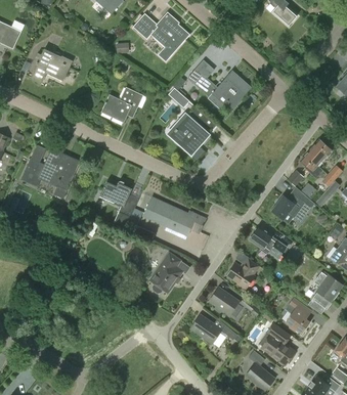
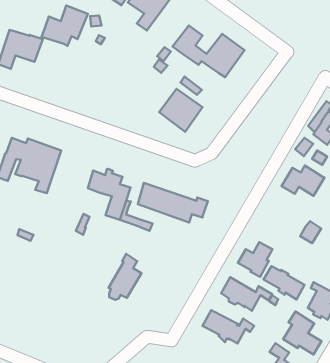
building: [101,87,144,123] -> [41,6,88,46]
building: [251,227,287,259] -> [264,266,304,300]
building: [153,253,183,293] -> [108,254,142,300]

